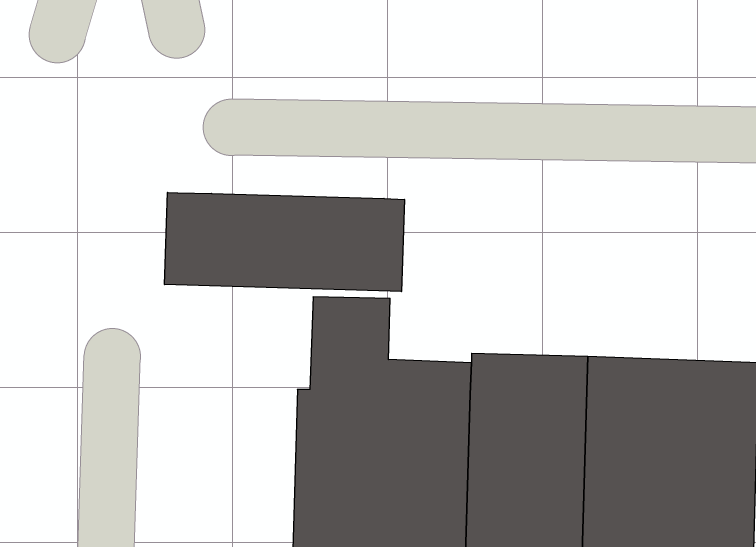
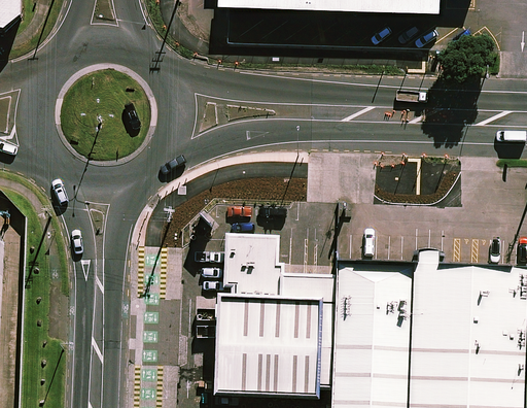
building: [165,192,404,292] -> none

